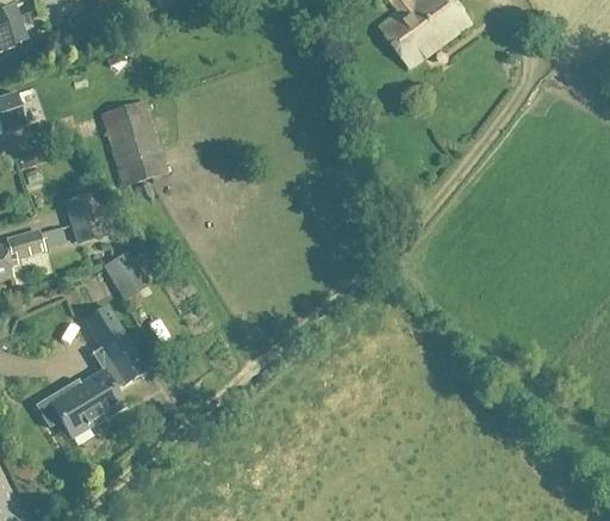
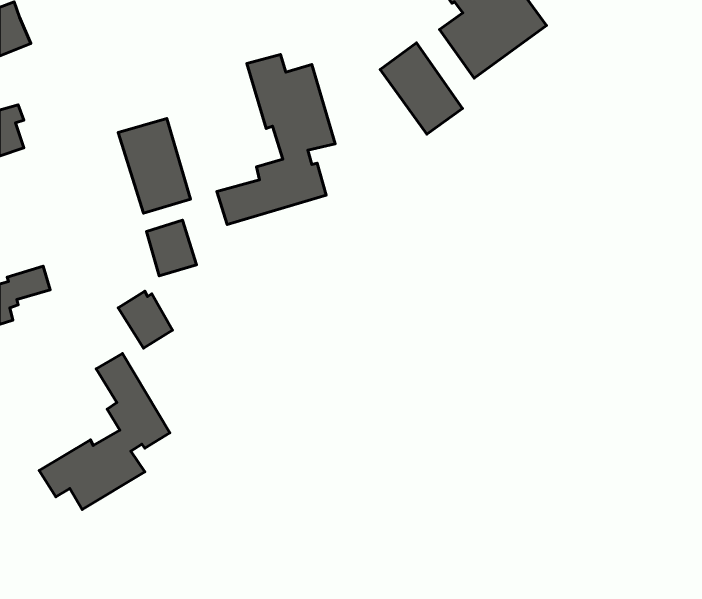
building: none -> [380,43,462,134]
building: none -> [217,54,335,225]
building: [66,193,108,241] -> [147,220,197,276]

